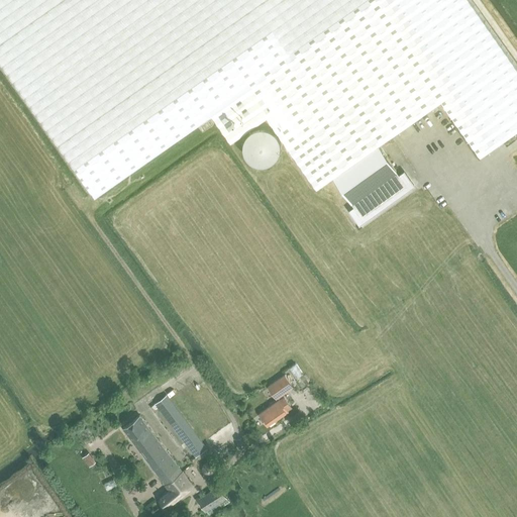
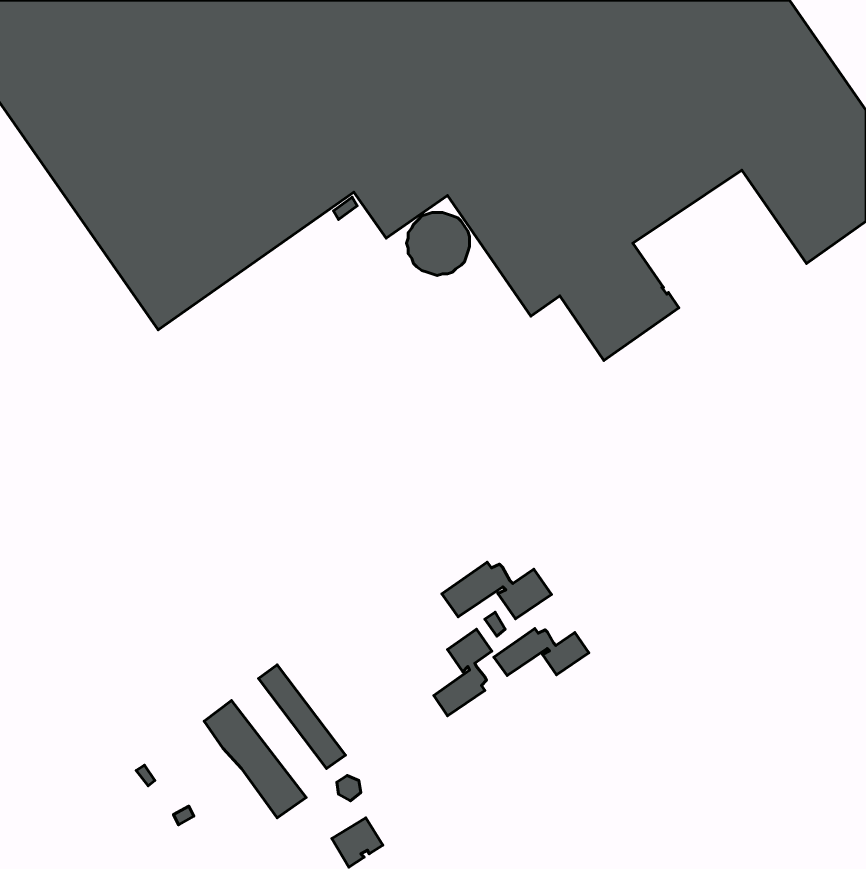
building: none -> [442,562,551,619]
building: none -> [494,629,589,675]
building: [159,474,191,506] -> none

